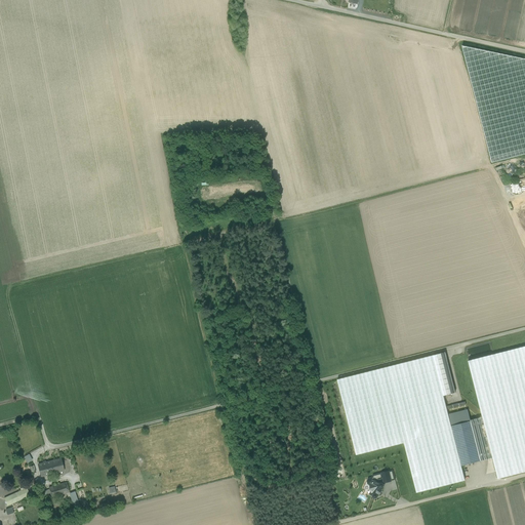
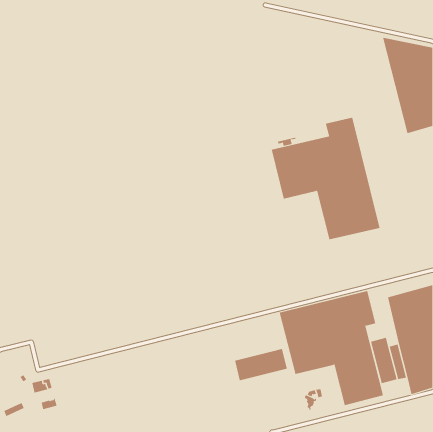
building: none -> [271,117,380,240]
building: none -> [234,348,287,381]

